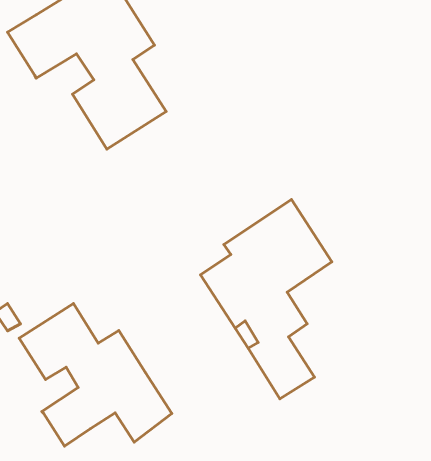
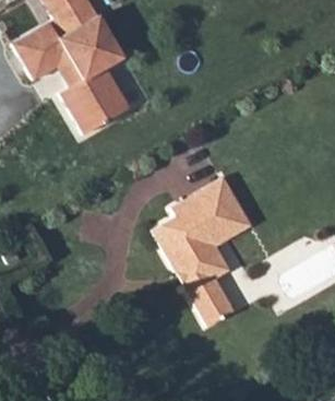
building: [19,303,172,446] -> none

